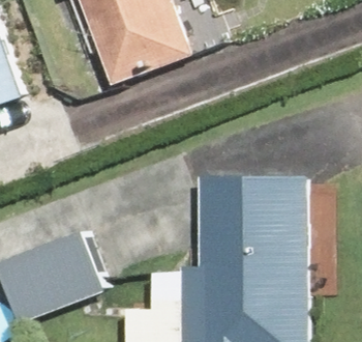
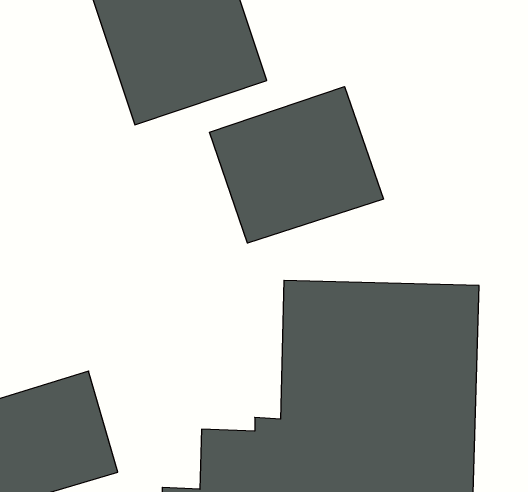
building: none -> [209,87,383,243]

